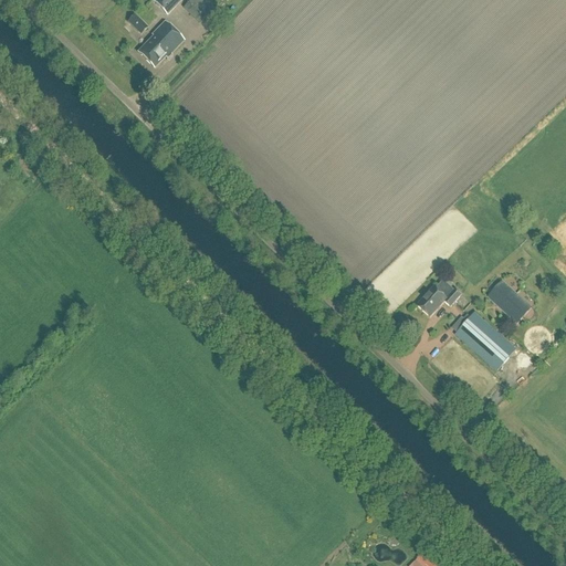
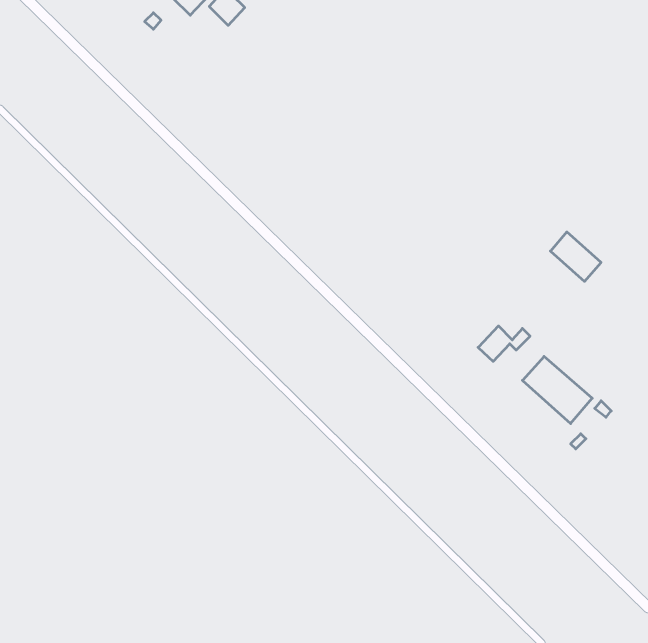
building: [143,21,182,62] -> none
building: [488,279,532,322] -> [550,232,601,281]

